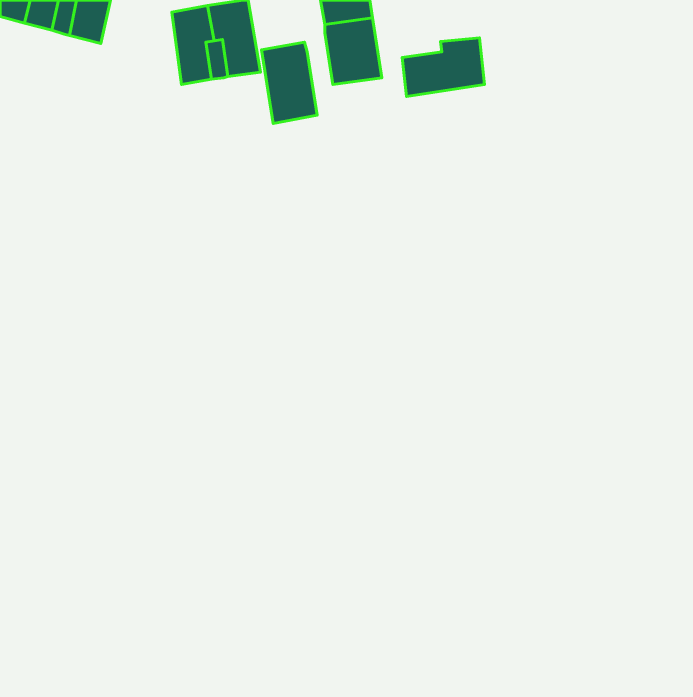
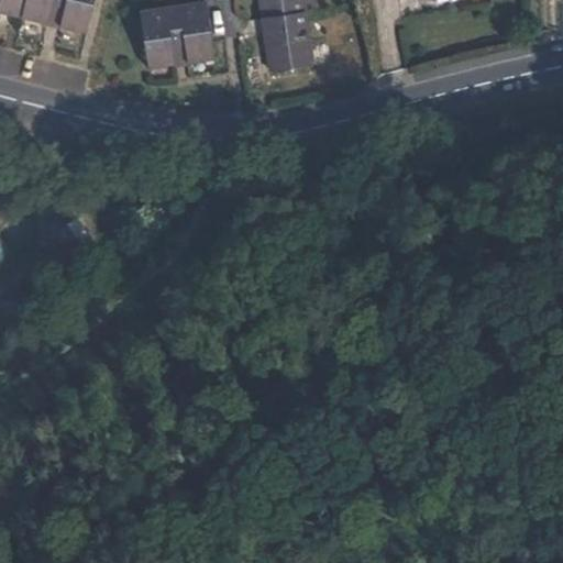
building: [402,38,484,97] -> none
building: [261,42,317,123] -> none

